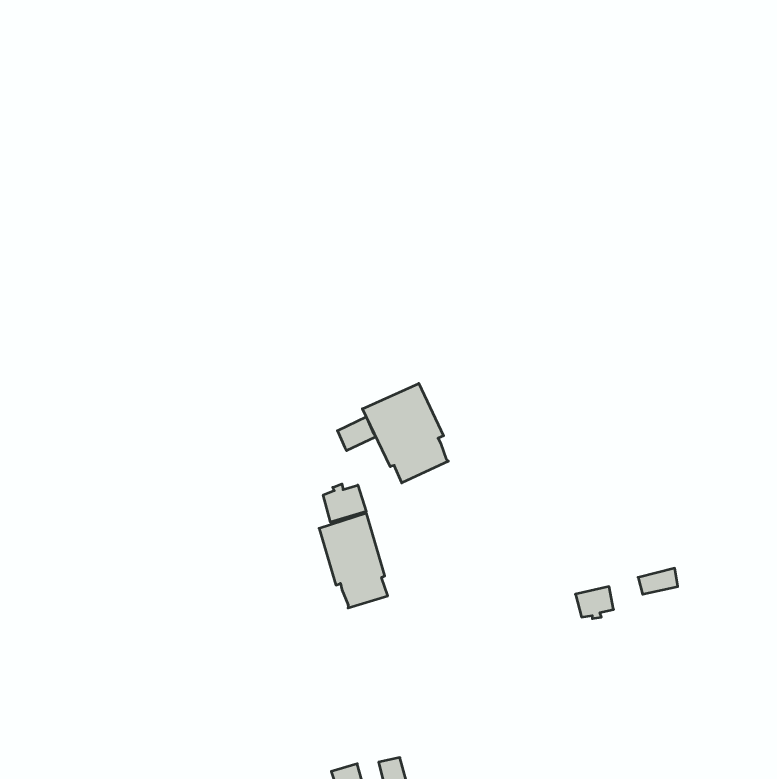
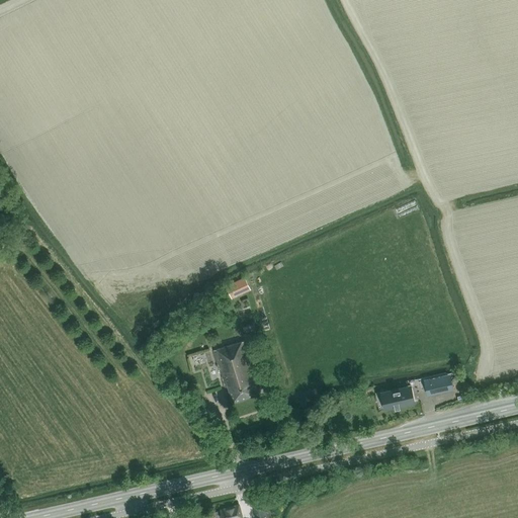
building: [362,383,448,483] -> none
building: [323,484,366,522] -> none

